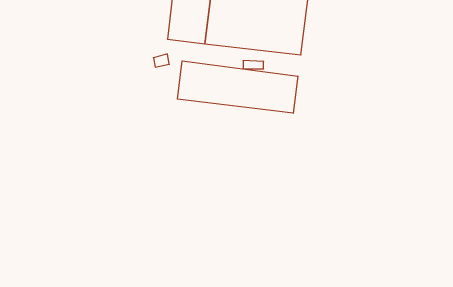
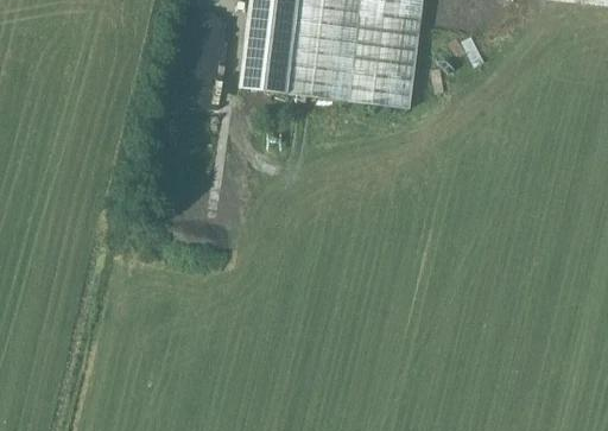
building: [177,61,298,113] -> none

